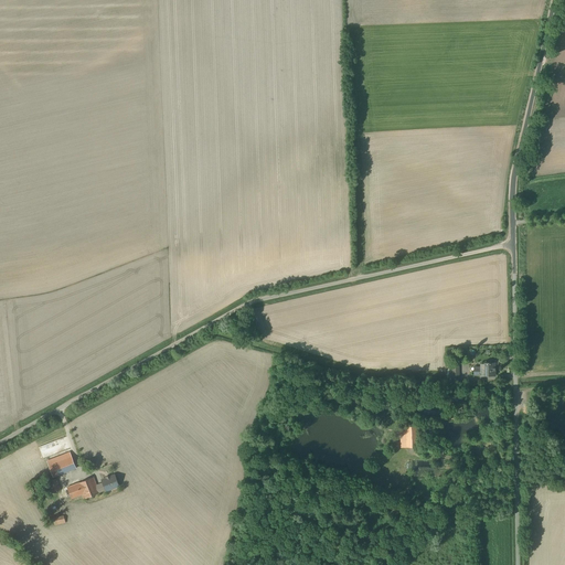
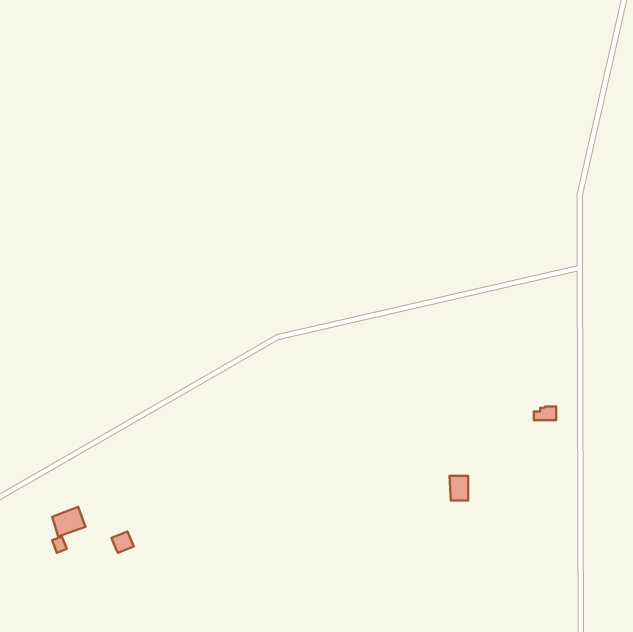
building: [66,477,104,499] -> none

